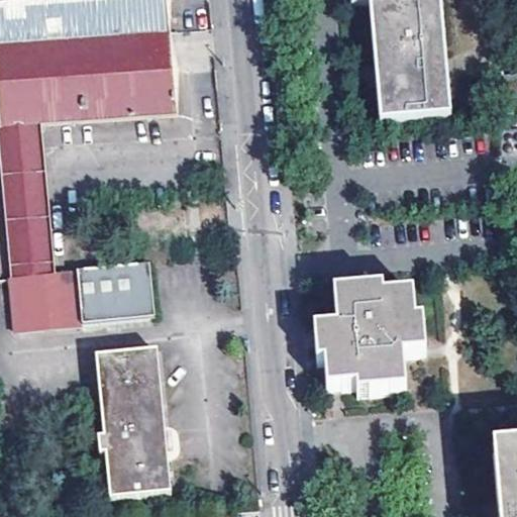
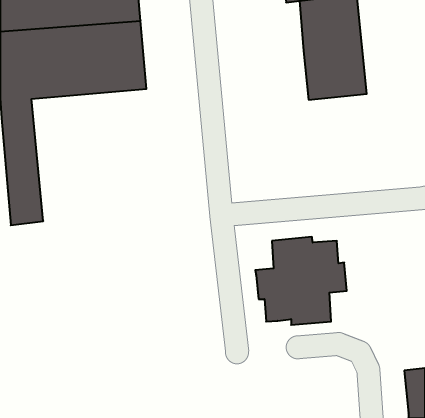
building: [13,260,156,326] -> none
building: [96,348,171,497] -> none

